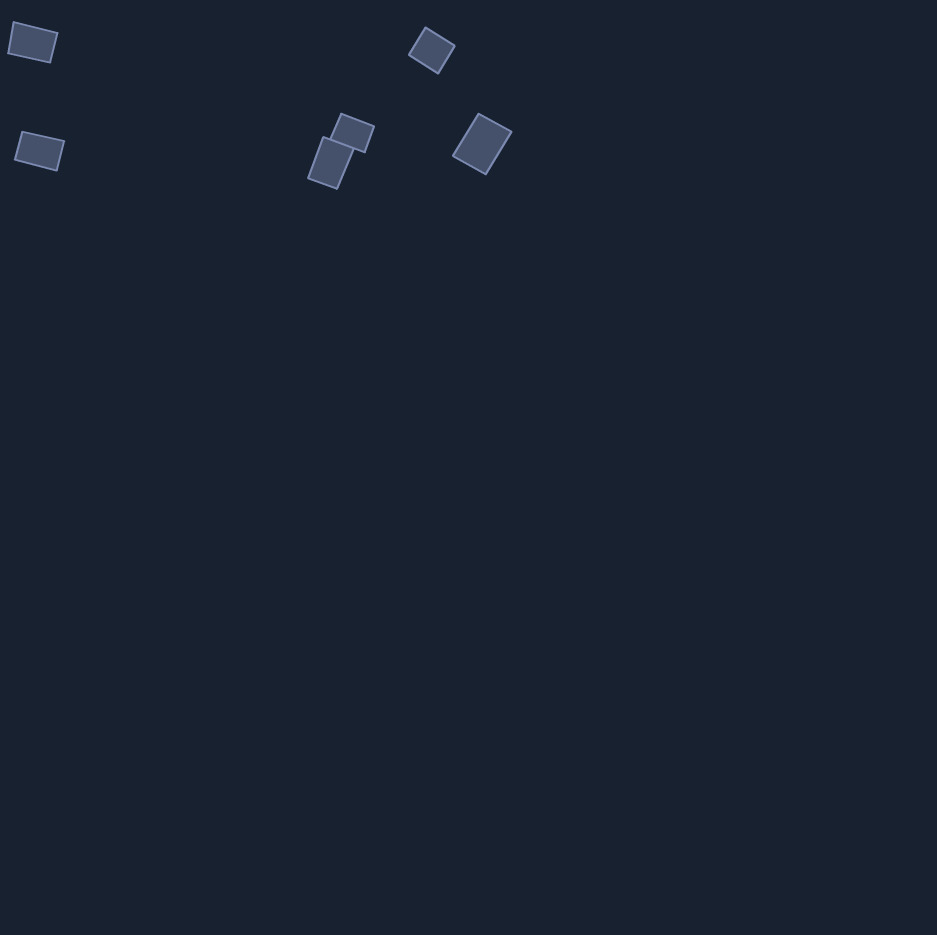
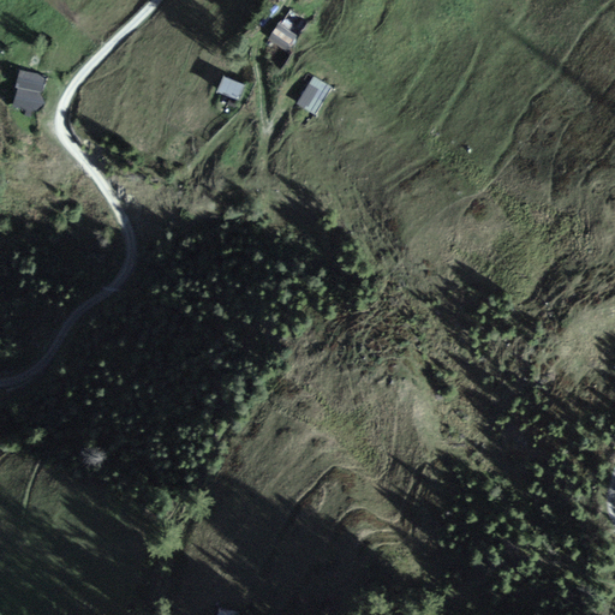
building: [8,22,58,62] -> [14,67,47,94]
building: [308,137,354,189] -> none

